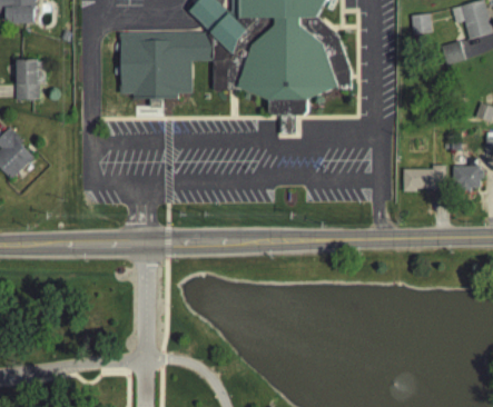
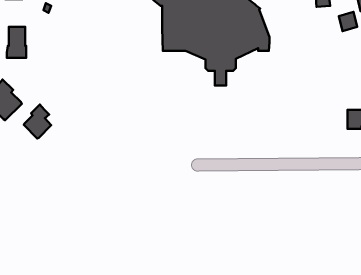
building: [119,32,214,107] -> none
building: none -> [24,105,51,138]
building: [402,165,445,192] -> none

